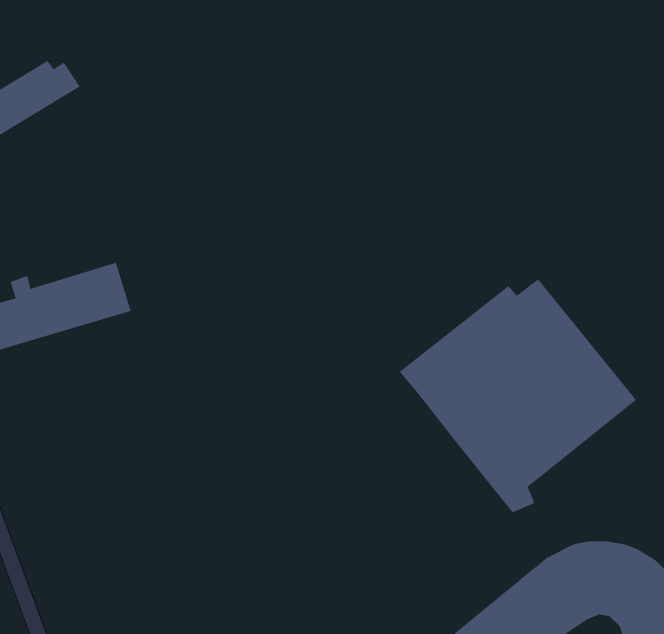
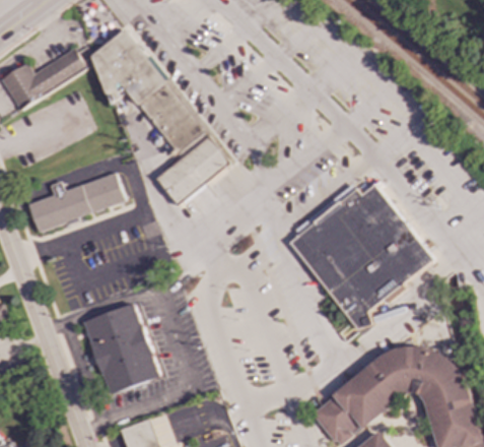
building: none -> [90,29,234,208]
building: none -> [82,304,157,394]

